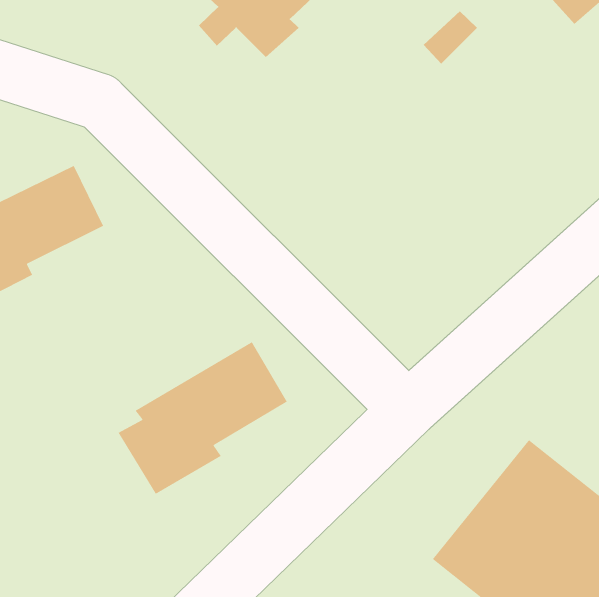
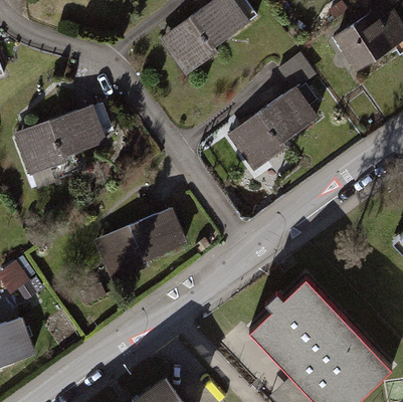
building: none -> [234,84,318,160]

